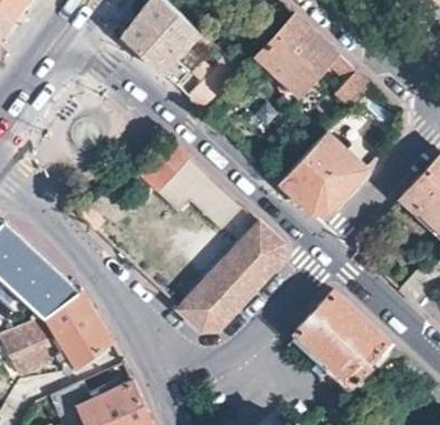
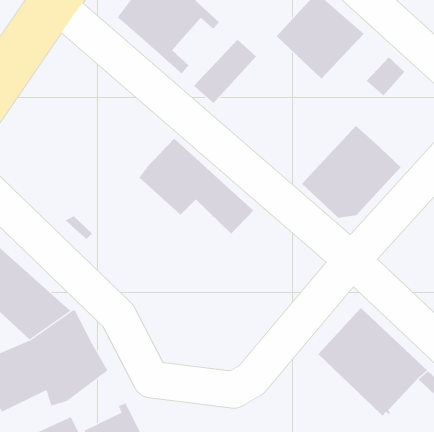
building: [180,224,281,329] -> none

